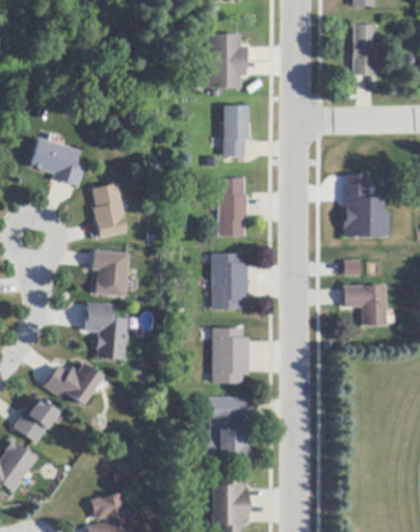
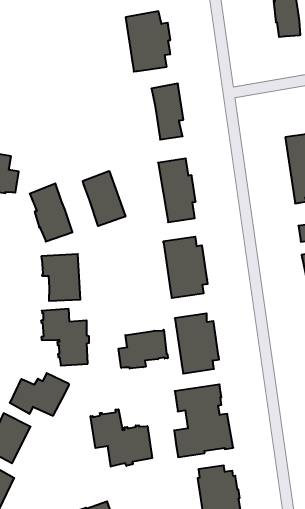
building: none -> [83,171,125,226]
building: none -> [119,330,168,369]
building: none -> [91,409,152,467]

